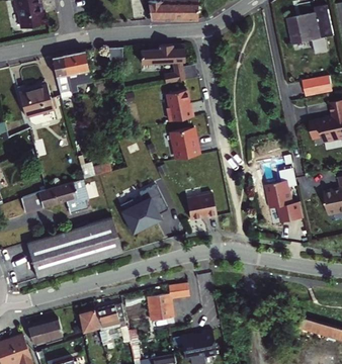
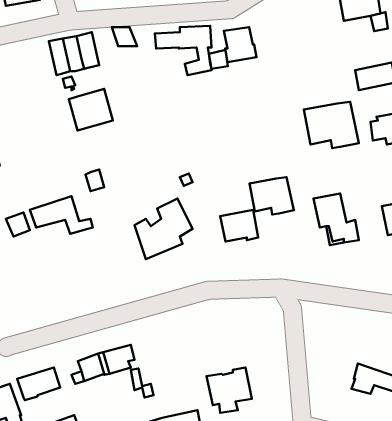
building: [21,85,57,118] -> [69,89,113,131]
building: [165,94,191,122] -> [224,27,257,62]
building: none -> [304,102,359,148]
building: [171,128,200,160] -> none
building: none -> [250,177,294,214]
building: [26,216,121,278] -> none
building: [148,283,190,323] -> none

